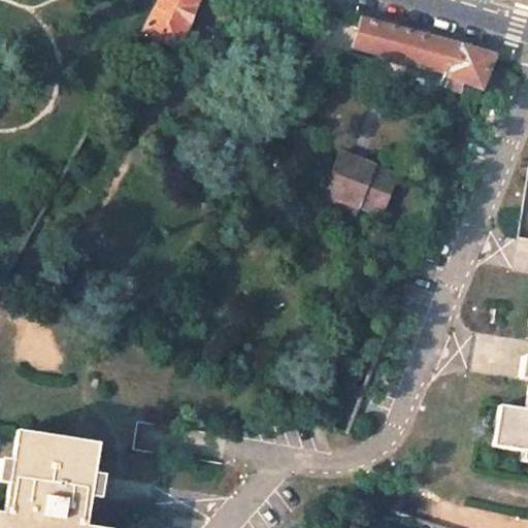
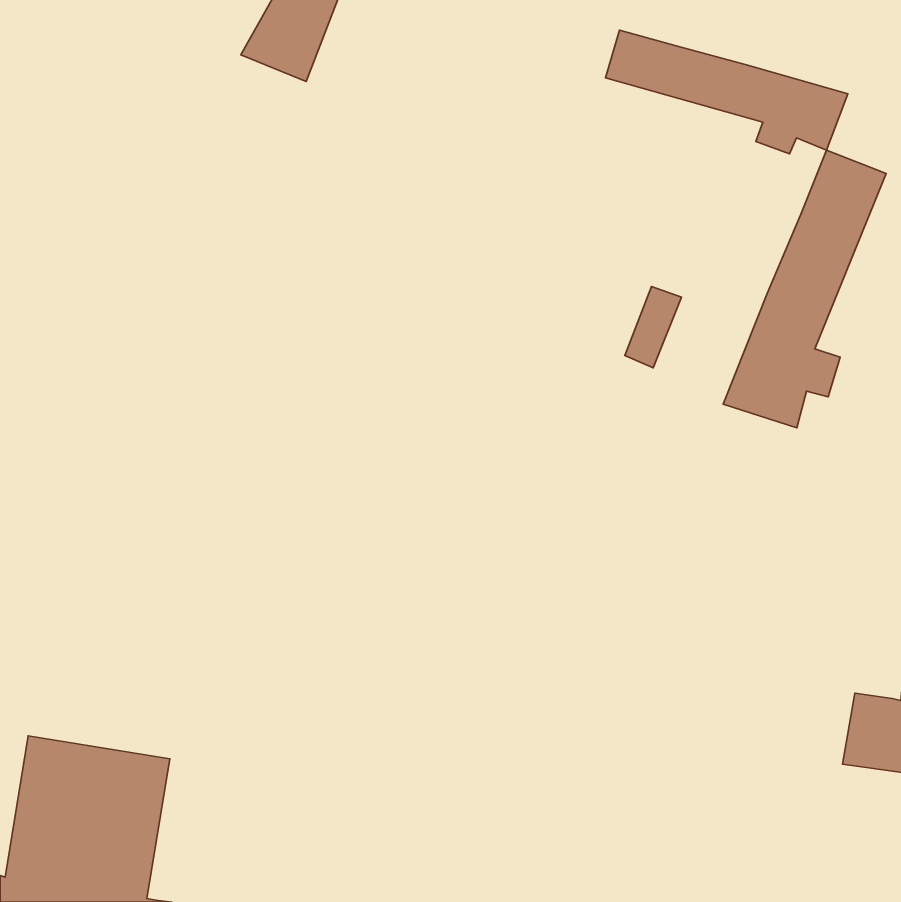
building: none -> [723,150,886,428]
building: [325,151,382,207] -> none

